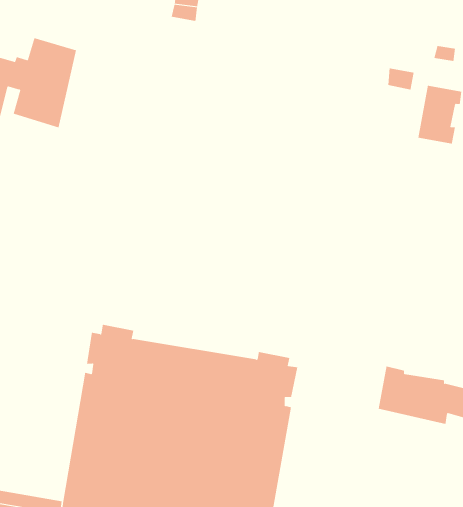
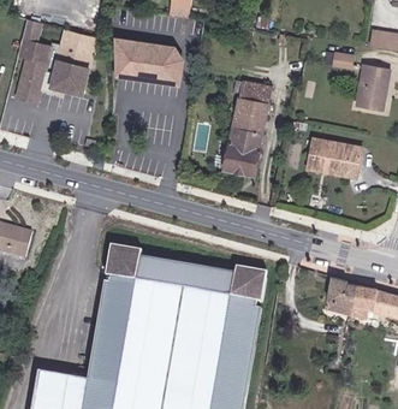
building: none -> [112,37,184,89]
building: none -> [224,81,272,174]
building: none -> [307,137,362,173]

